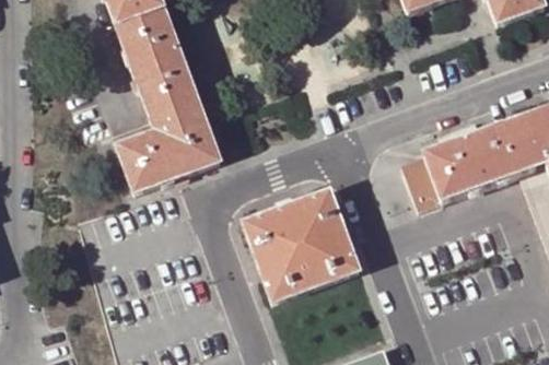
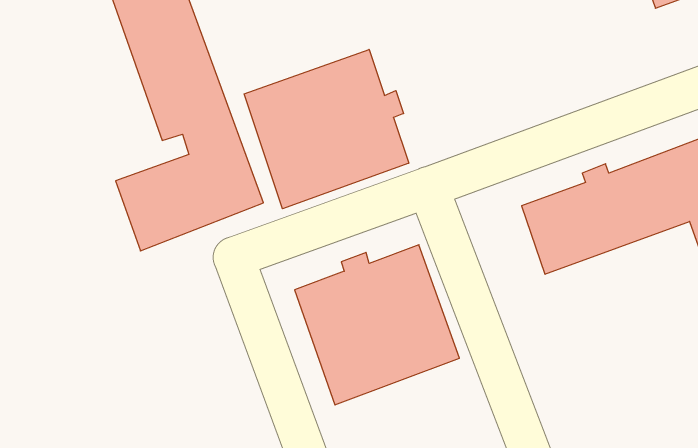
building: none -> [244,49,409,209]

